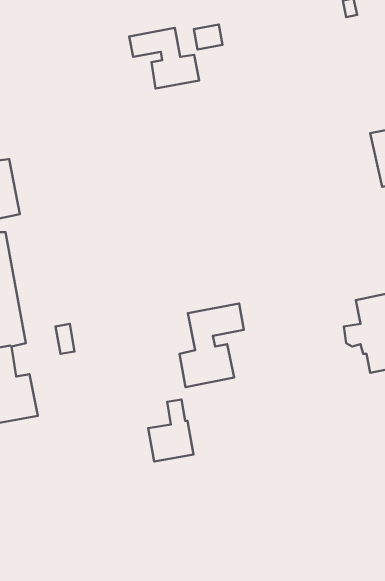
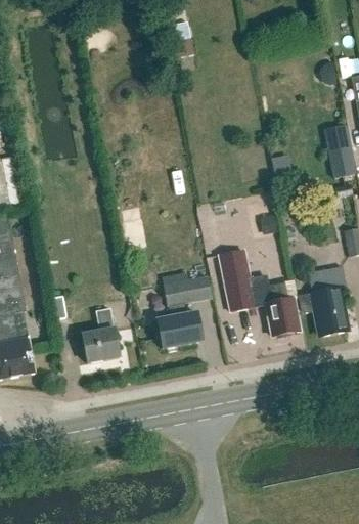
building: [129,28,199,88] -> none
building: none -> [220,250,300,336]
building: [148,399,193,462] -> [82,309,121,362]

